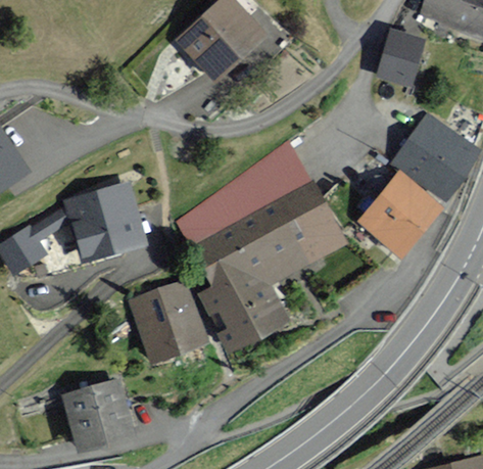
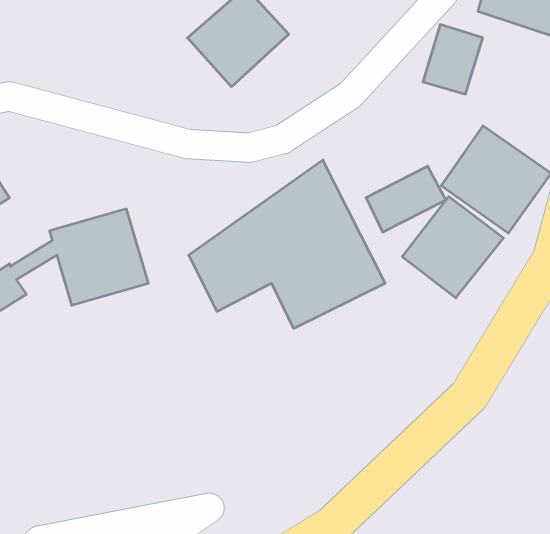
building: none -> [366,166,446,232]
building: [201,244,286,349] -> none
building: [127,280,206,364] -> none
building: [63,382,132,450] -> none

